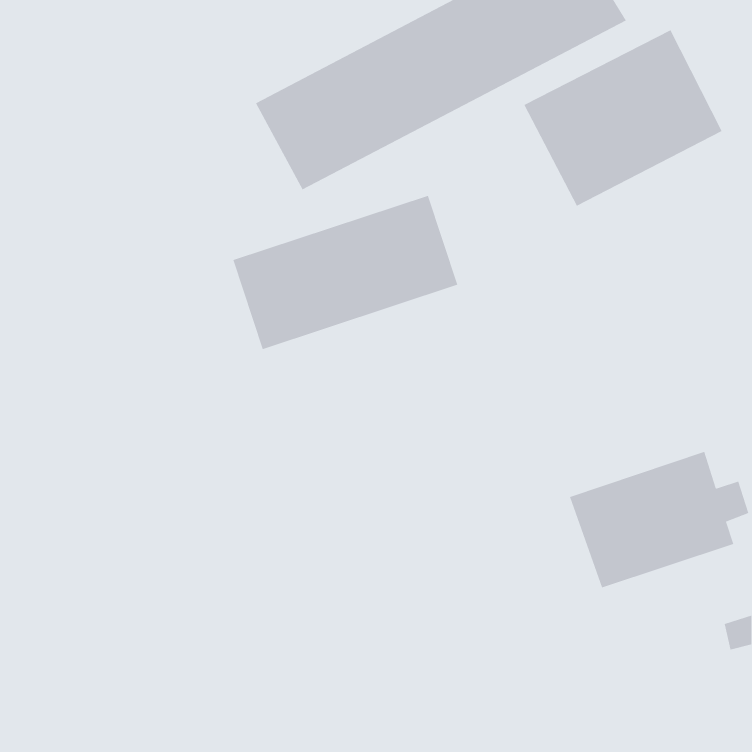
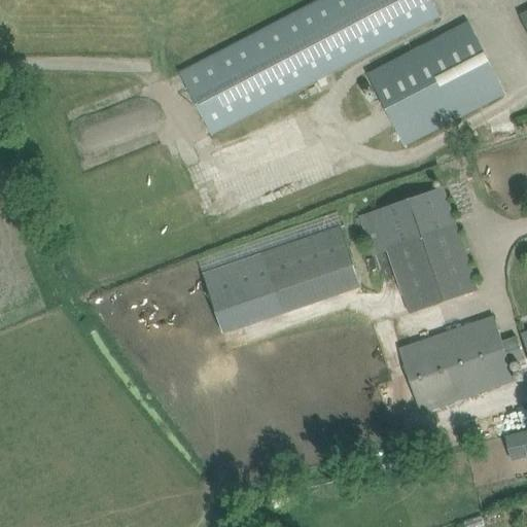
building: [233,195,458,350] -> [203,229,360,337]
building: none -> [358,186,476,311]

